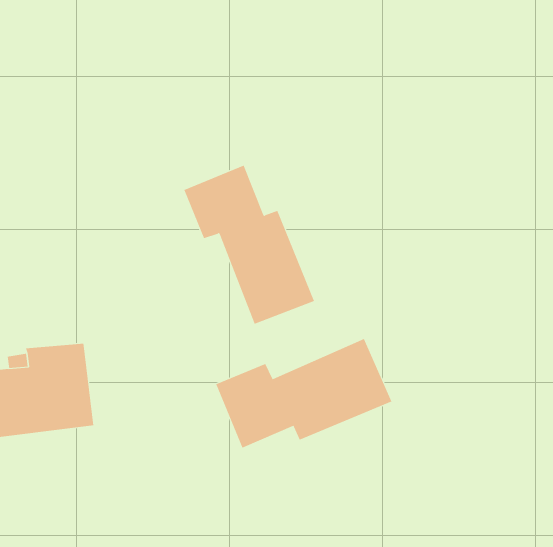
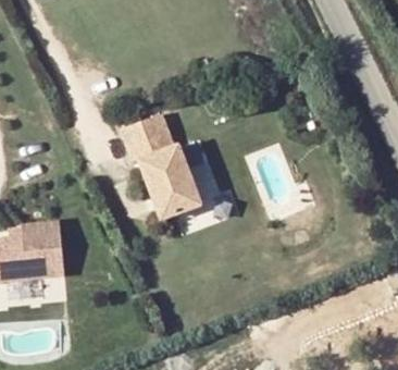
building: [216,338,392,449] -> none

